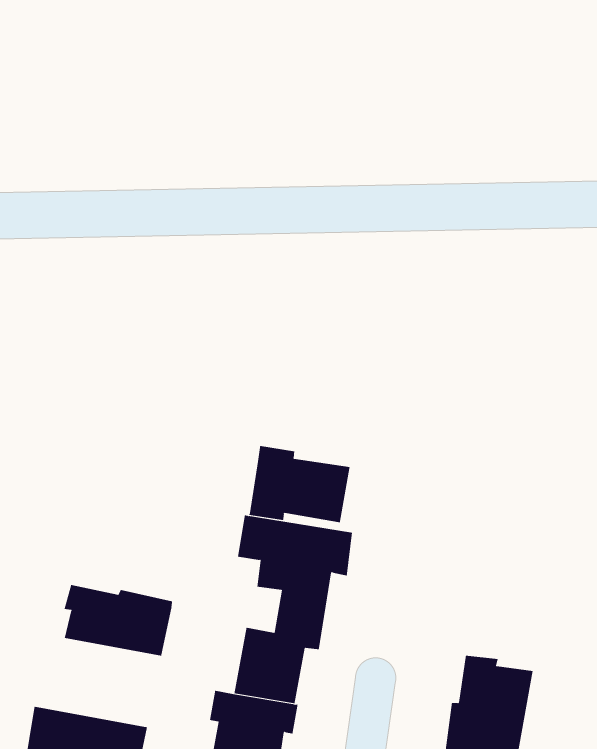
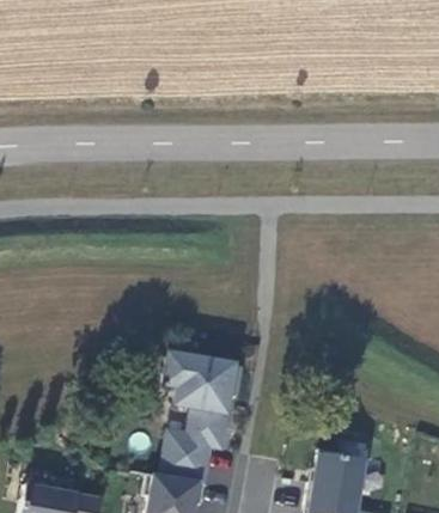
building: [248,445,350,523] -> none
building: [64,584,173,657] -> none

